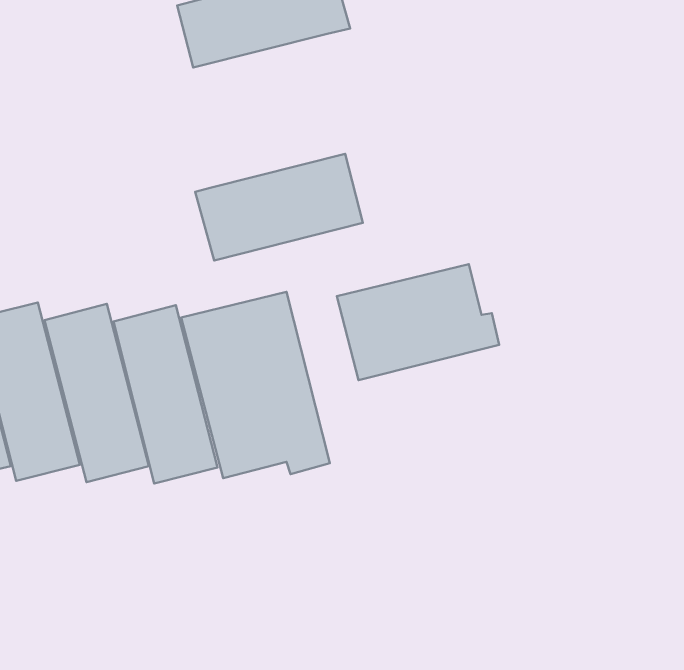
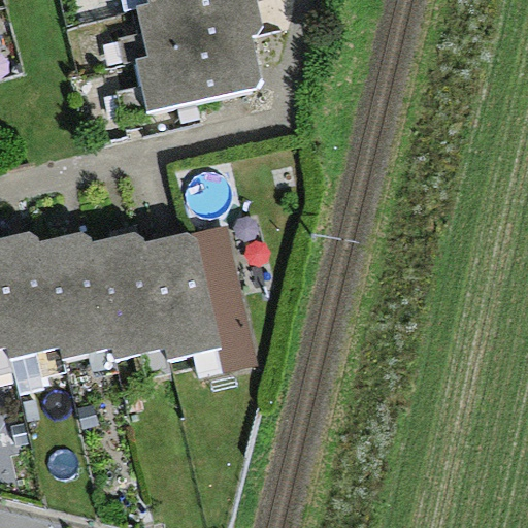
building: [195,154,363,261] -> [135,26,263,107]
building: [337,264,499,380] -> none

